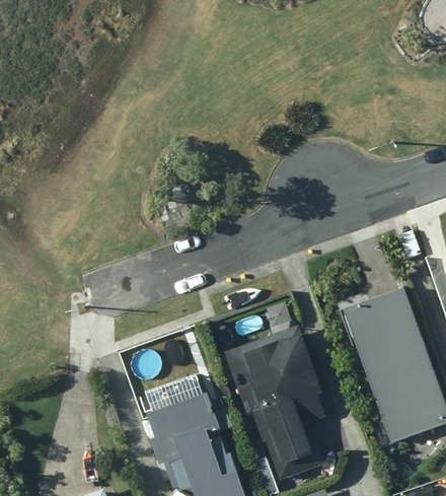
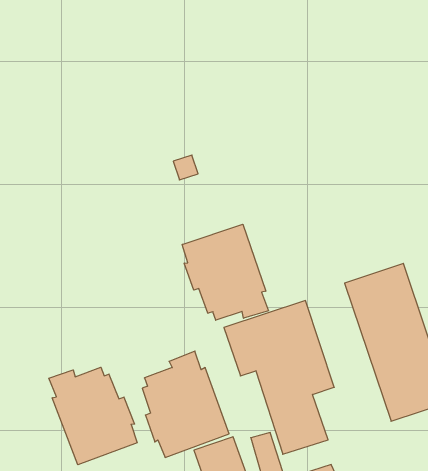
building: none -> [182,224,268,320]
building: none -> [49,367,137,465]

